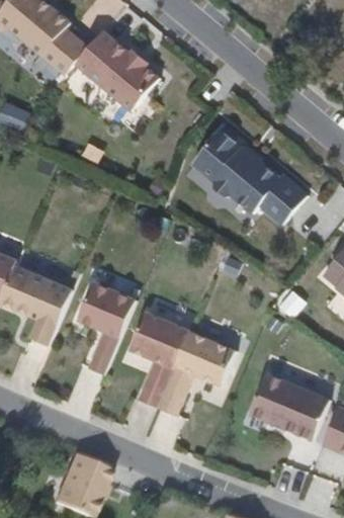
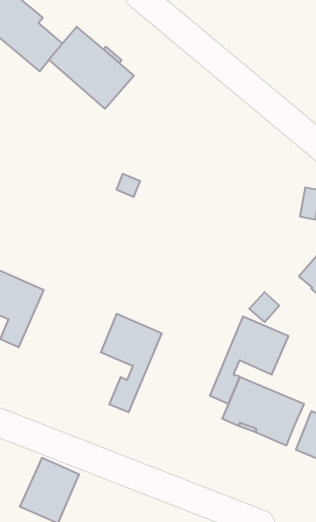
building: [192,124,307,226] -> none
building: [78,281,136,373] -> none
building: [157,331,234,416] -> [210,317,289,404]

